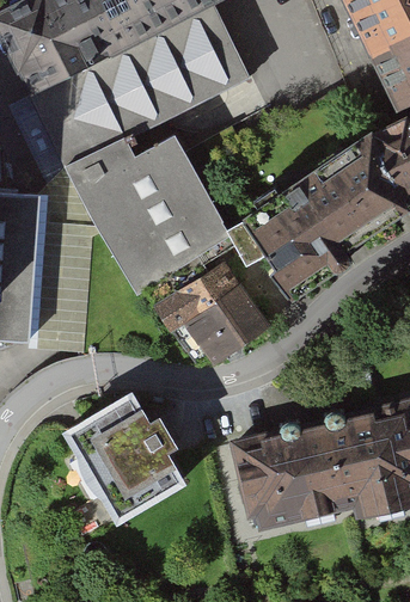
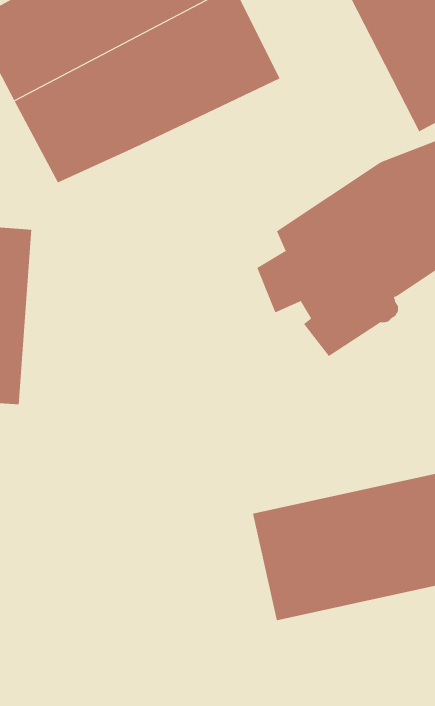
building: [62,121,231,289] -> none
building: [154,263,273,368] -> none
building: [62,394,188,528] -> none

